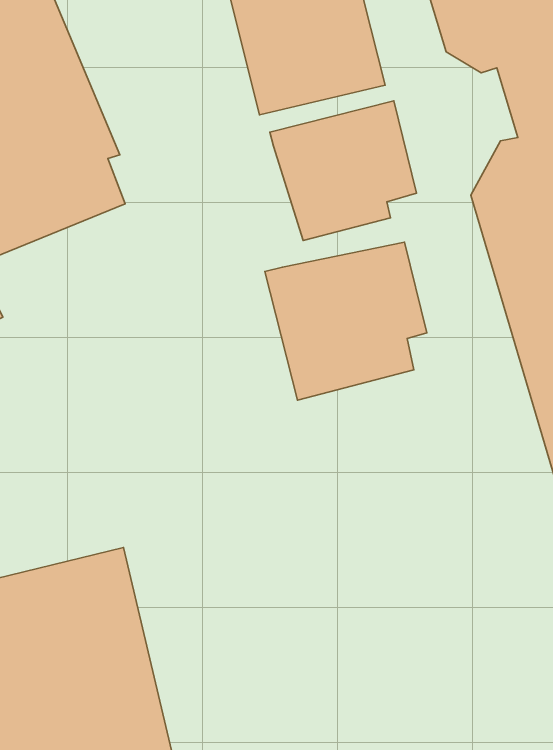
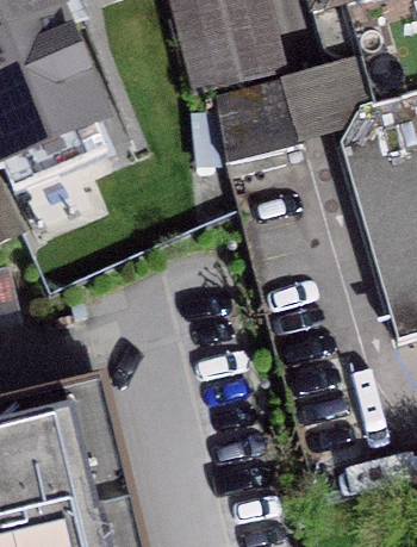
building: [265,242,427,400] -> none

